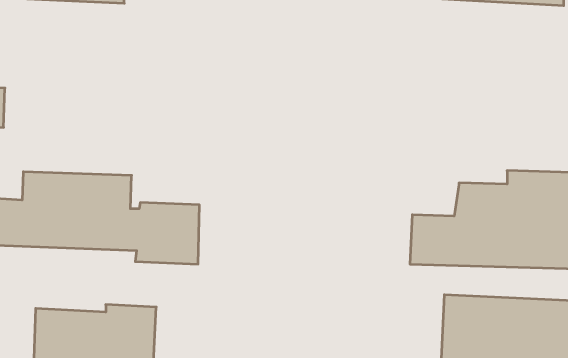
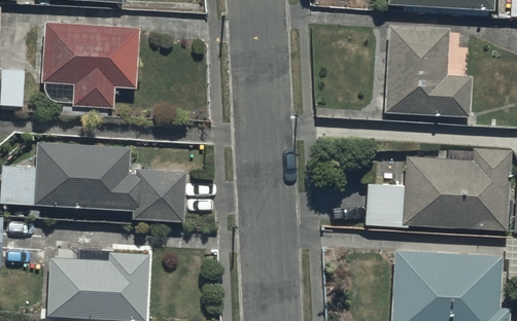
building: none -> [383,22,470,113]
building: none -> [42,26,140,110]

